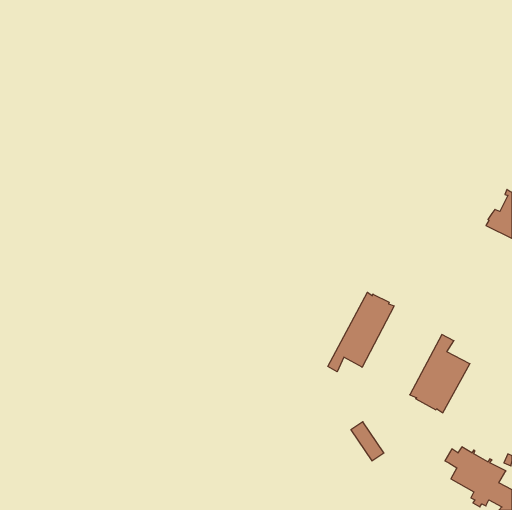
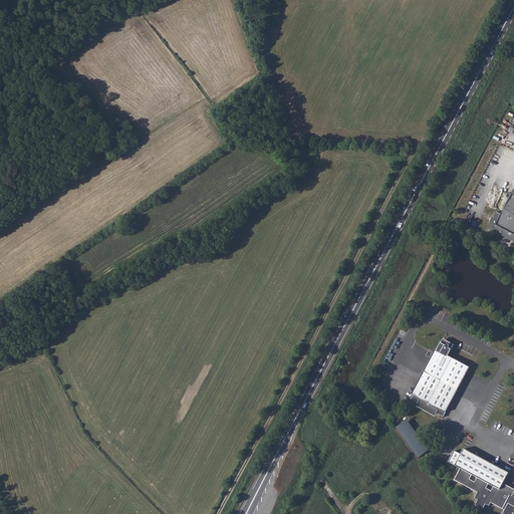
building: [328,292,394,372] -> none
building: [351,422,384,461] -> [396,417,429,456]

